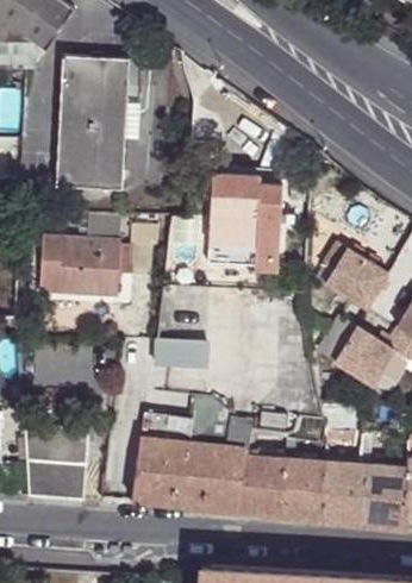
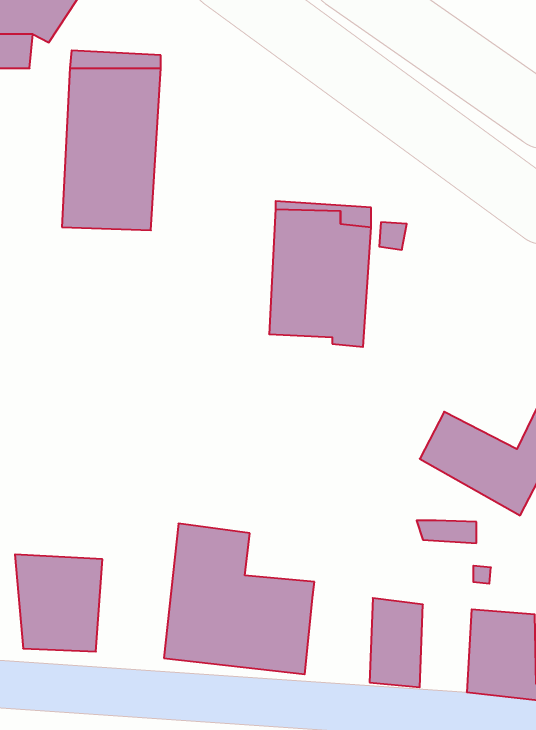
building: [38,215,133,296] -> none
building: [324,247,389,312] -> none
building: [155,337,207,364] -> none
building: [235,455,285,519] -> none
building: [319,462,357,526] -> none

